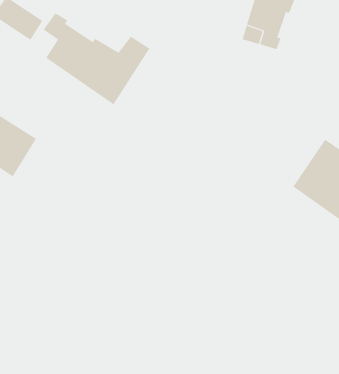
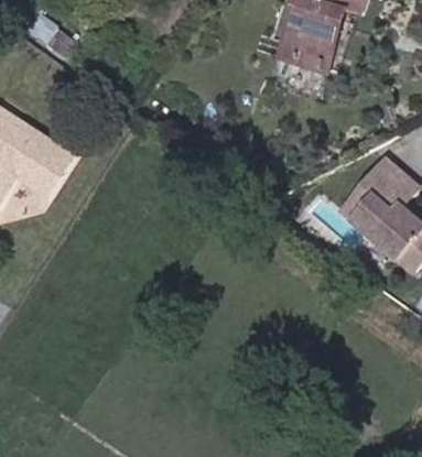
building: [43,12,150,105] -> none

